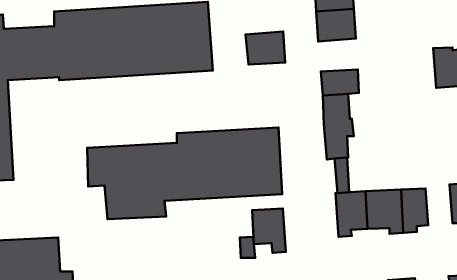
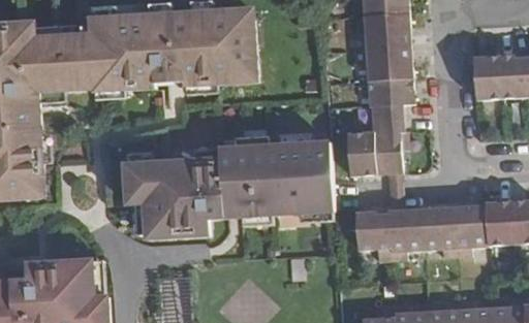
building: [245,32,285,64] -> [369,45,411,80]
building: none -> [472,56,495,99]
building: none -> [346,137,378,175]
building: none -> [484,201,512,245]
building: [252,208,286,253] -> [354,211,391,258]

